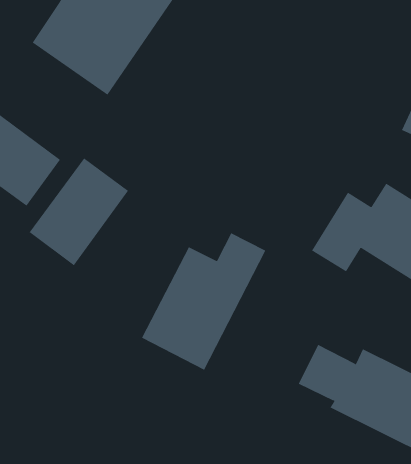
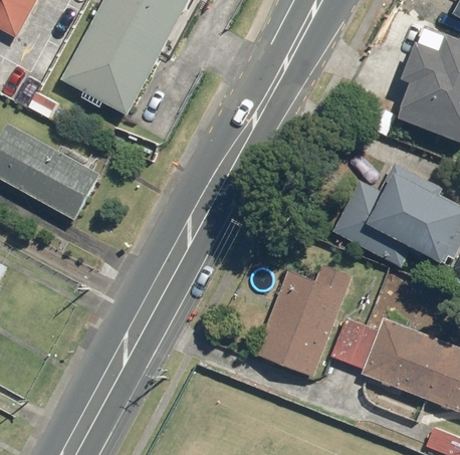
building: [29,158,129,266] -> none
building: [141,232,266,370] -> [251,252,355,377]

